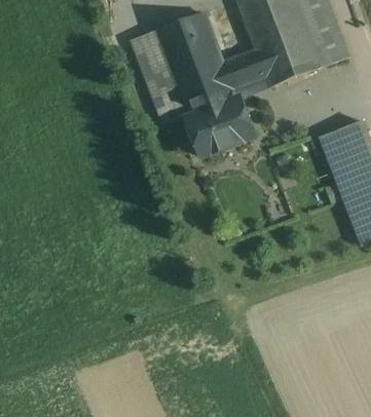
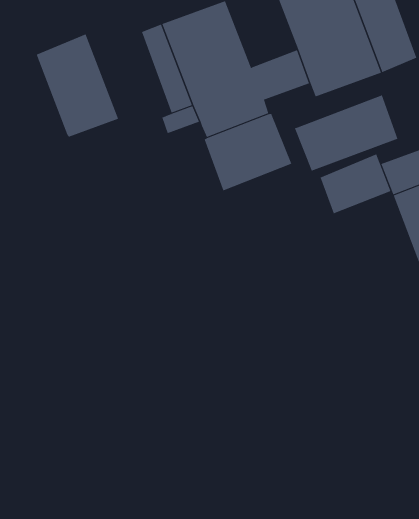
building: none -> [36,33,119,137]
building: none -> [294,95,398,172]
building: none -> [320,153,391,214]

